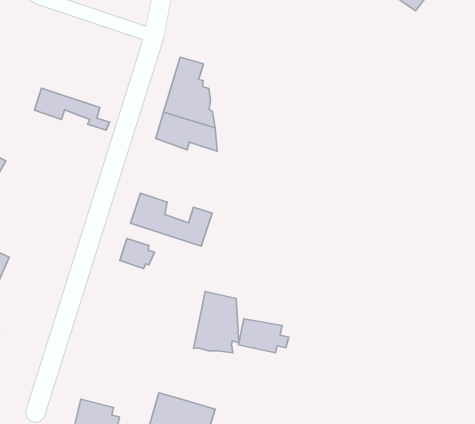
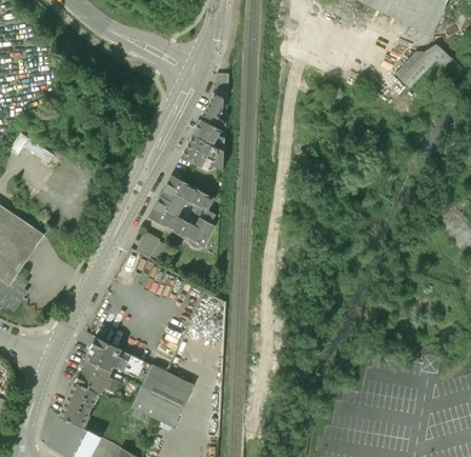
building: [35,88,109,130] -> [160,181,219,223]
building: [238,319,289,353] -> none
building: none -> [85,338,139,372]

